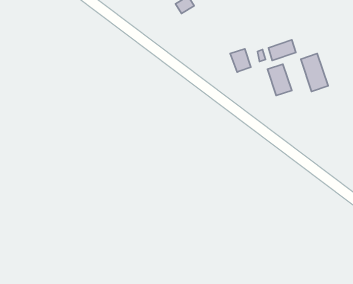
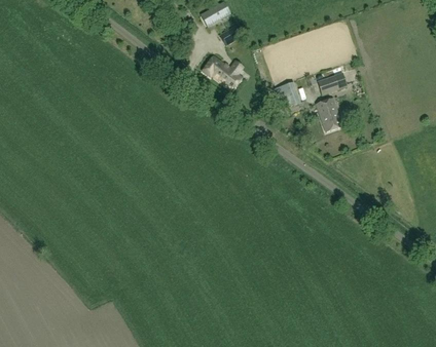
building: none -> [202,54,242,89]
building: [301,53,328,92] -> none

